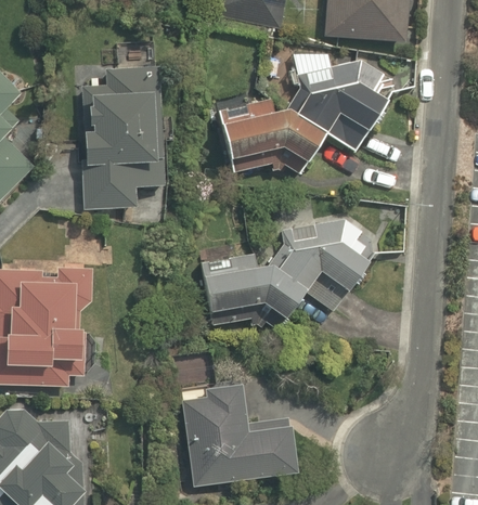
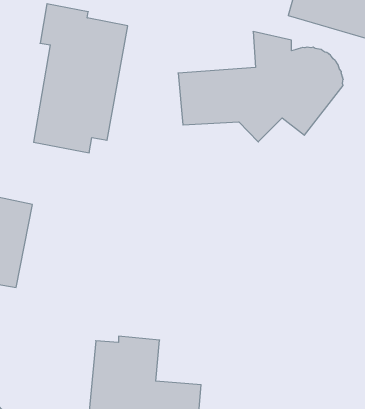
building: [202,210,378,321] -> none

